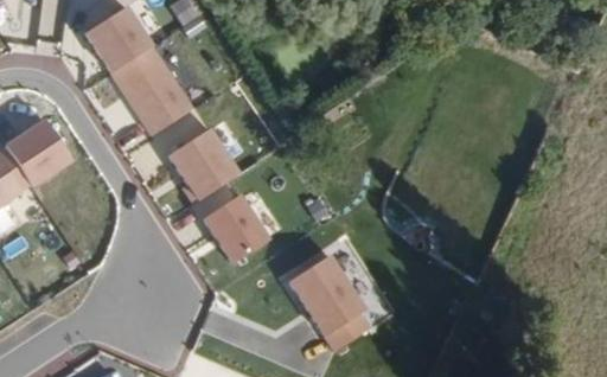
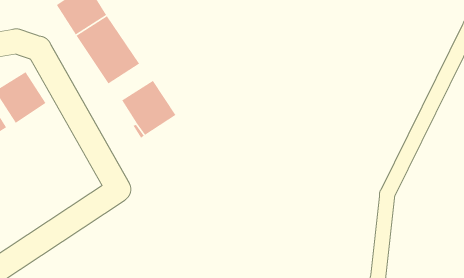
building: [200,192,266,260] -> none
building: [290,250,370,345] -> none

